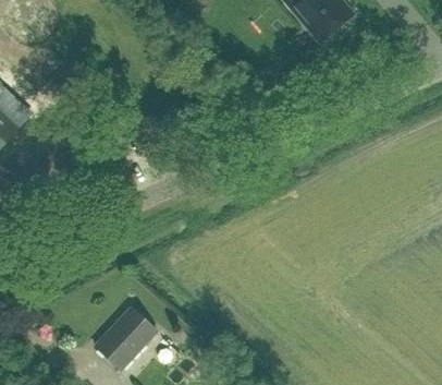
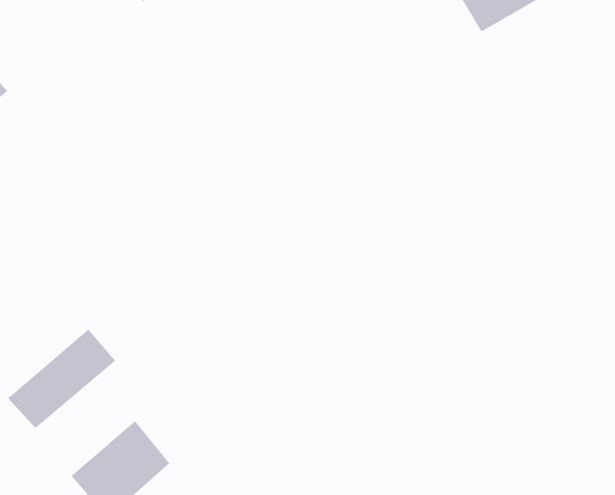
building: none -> [7,328,116,429]

